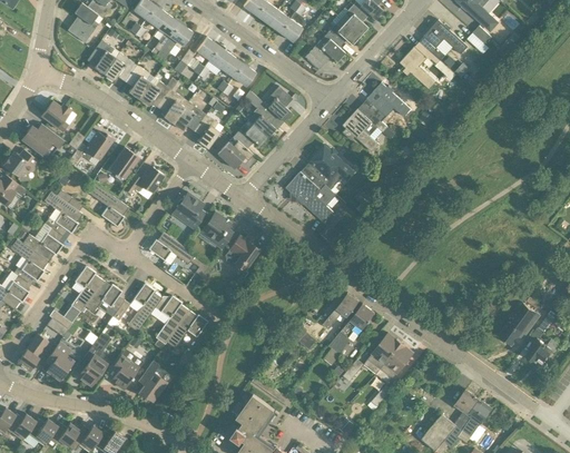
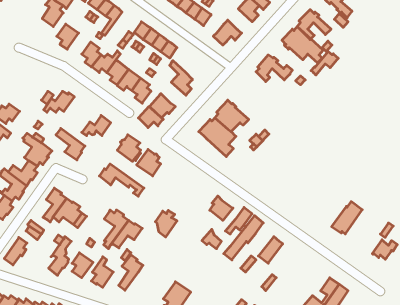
building: [325,19,358,48] -> none
building: [156,23,193,61] -> none
building: [104,52,136,81] -> none
building: none -> [311,51,338,75]
building: [267,86,292,121] -> none
building: [41,101,71,131] -> none
building: [342,106,389,152] -> none
building: [233,120,267,149] -> [138,107,163,128]
building: [22,126,63,156] -> none
building: [109,148,139,179] -> none
building: [229,235,259,272] -> [155,210,177,237]
building: none -> [210,196,233,220]
building: [128,284,161,333] -> [119,255,143,290]
building: [498,303,540,347] -> [332,202,362,234]
building: [45,342,73,381] -> none
building: [376,343,413,383] -> none

